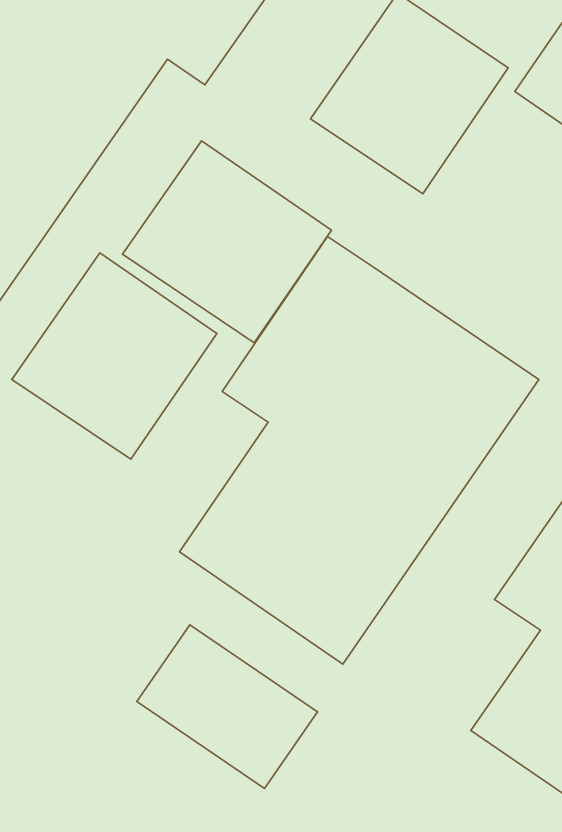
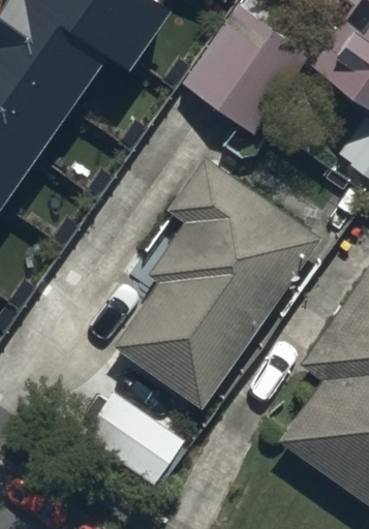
building: [123,141,331,343] -> none
building: [12,253,217,459] -> none

